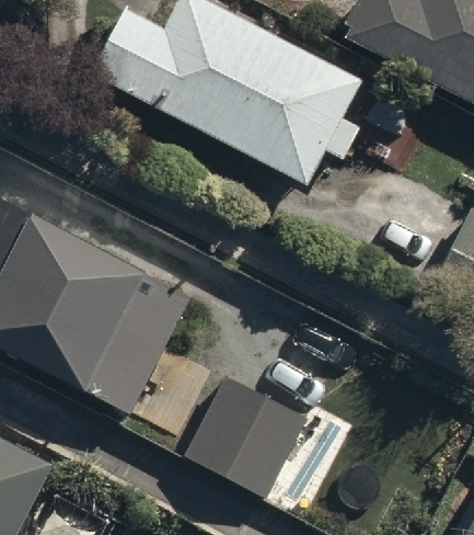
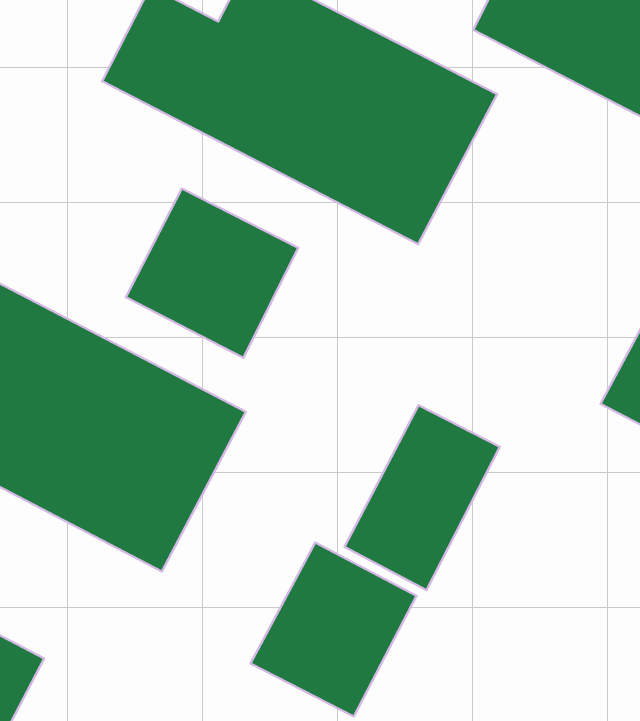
building: none -> [126,188,298,358]
building: none -> [345,405,500,590]

